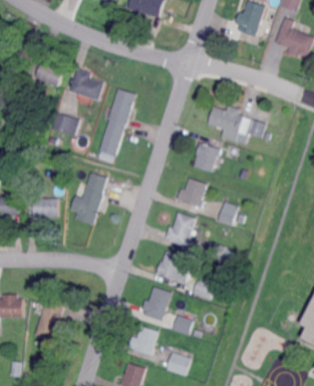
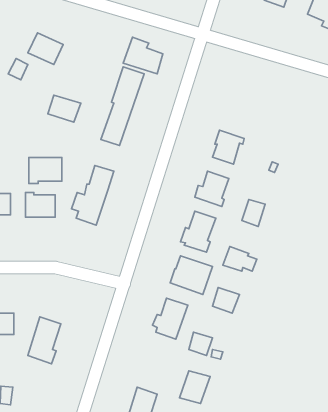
building: [70,68,104,99] -> [123,37,163,74]
building: [206,104,263,143] -> none
building: none -> [29,157,62,184]
building: [127,326,156,356] -> none

